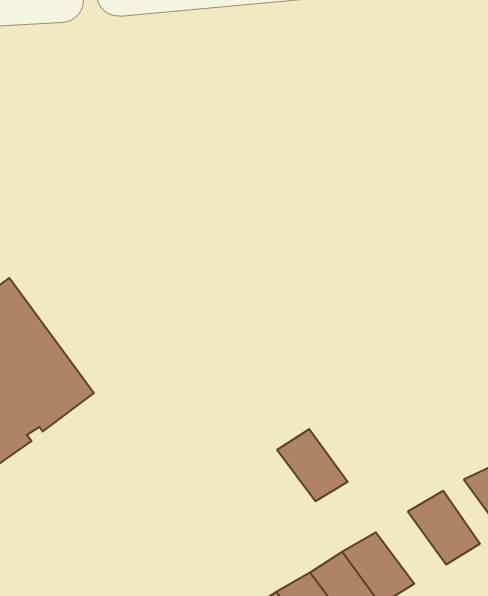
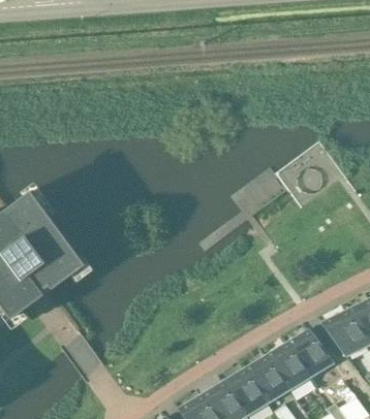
building: [277,429,348,501] -> [267,342,312,388]

